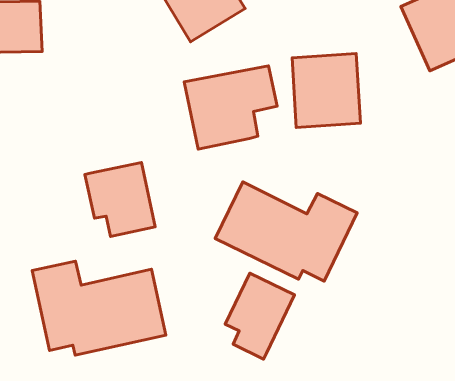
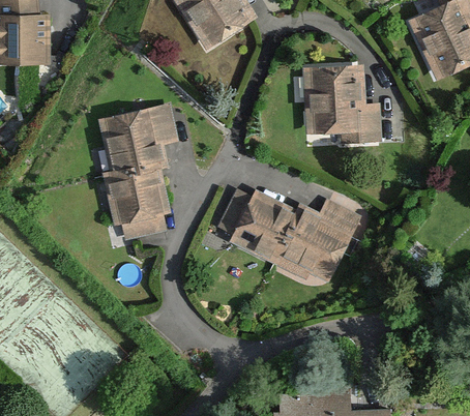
building: [184,66,277,149] -> [92,98,182,179]
building: [32,261,166,355] -> none
building: [225,273,295,359] -> none

